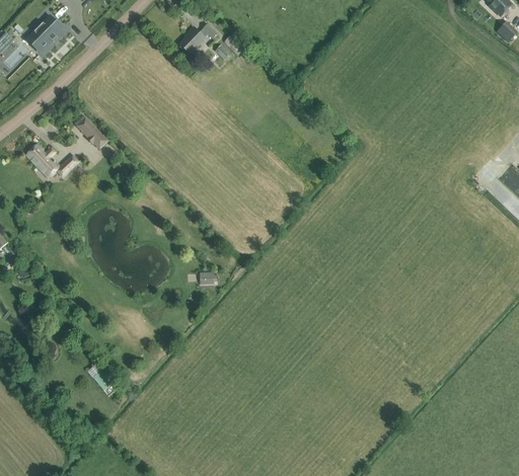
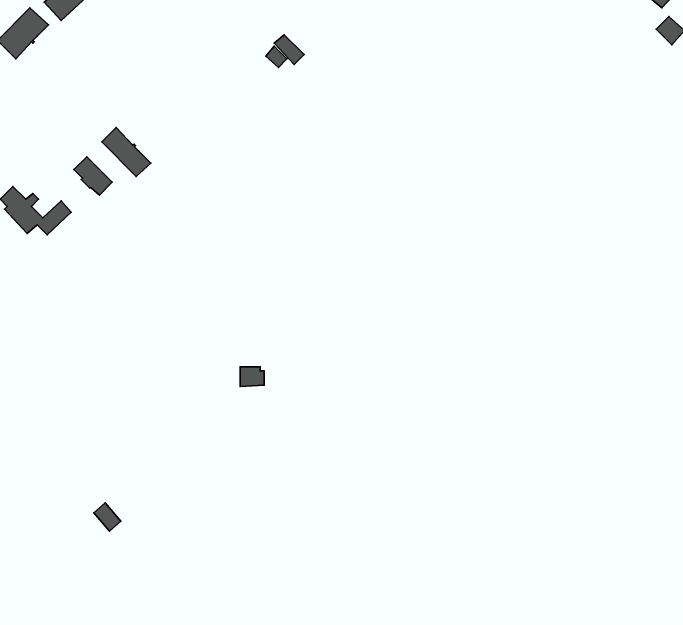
building: [179,24,217,54] -> none
building: none -> [102,127,151,176]

